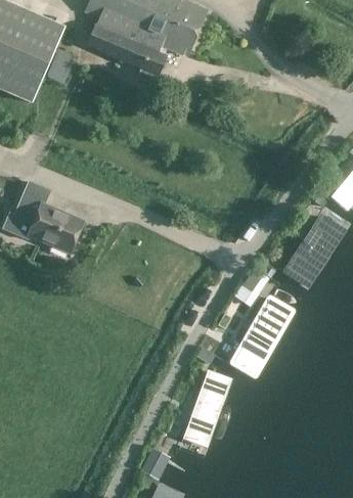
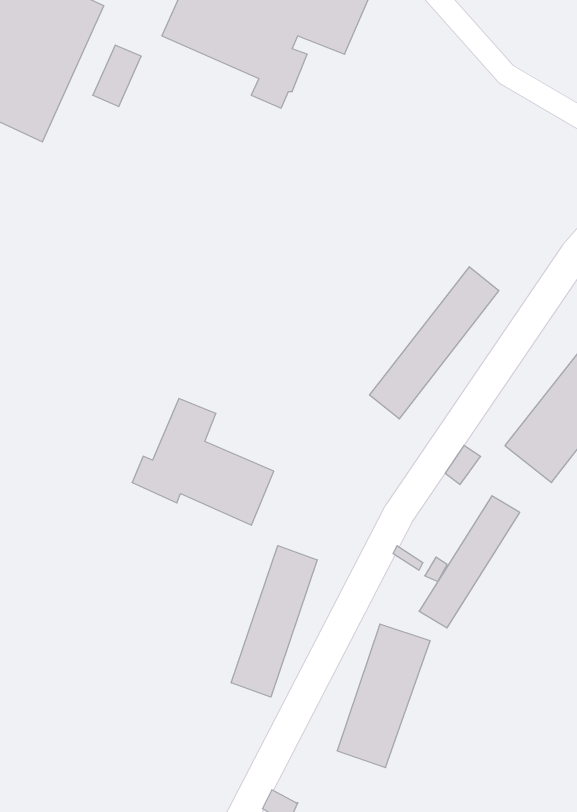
building: none -> [370,267,499,419]
building: [5,181,83,251] -> [132,399,274,525]
building: none -> [231,546,317,697]

